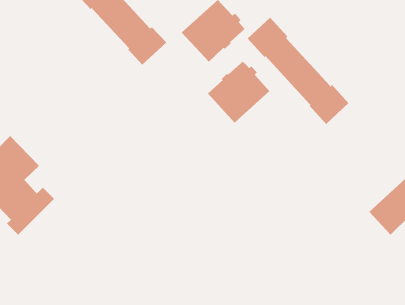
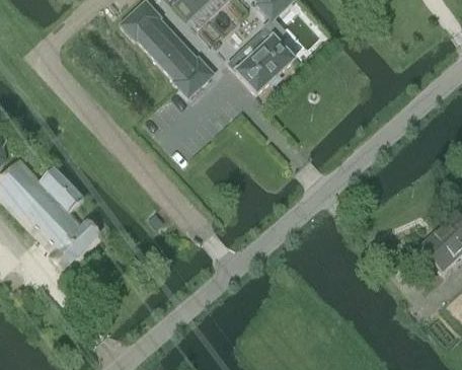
building: [247,17,349,125] -> none
building: [207,61,270,124] -> none

